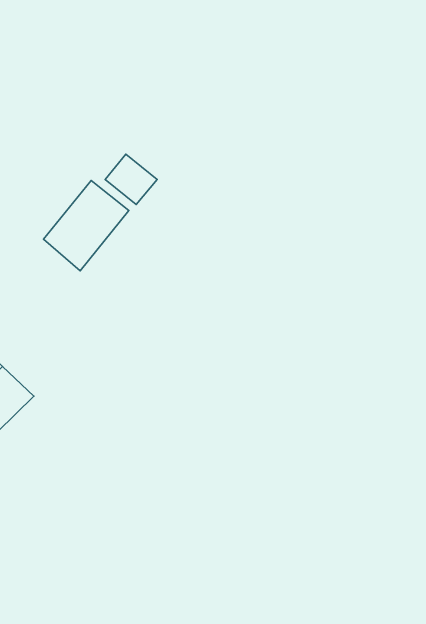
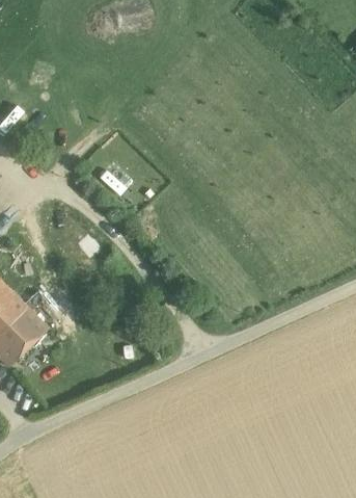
building: [44,181,129,271] -> none

